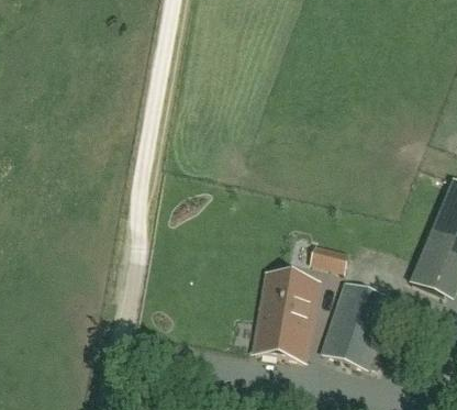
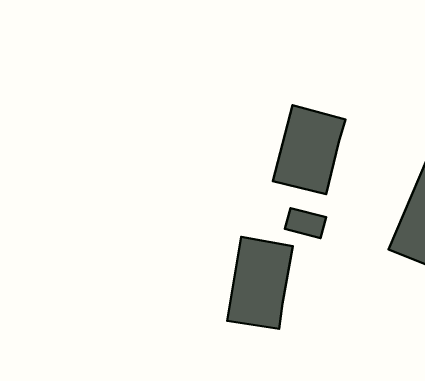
building: none -> [273,105,345,194]
building: [323,279,392,366] -> none

